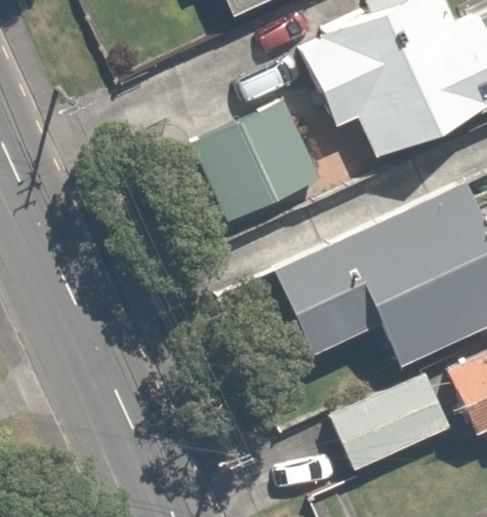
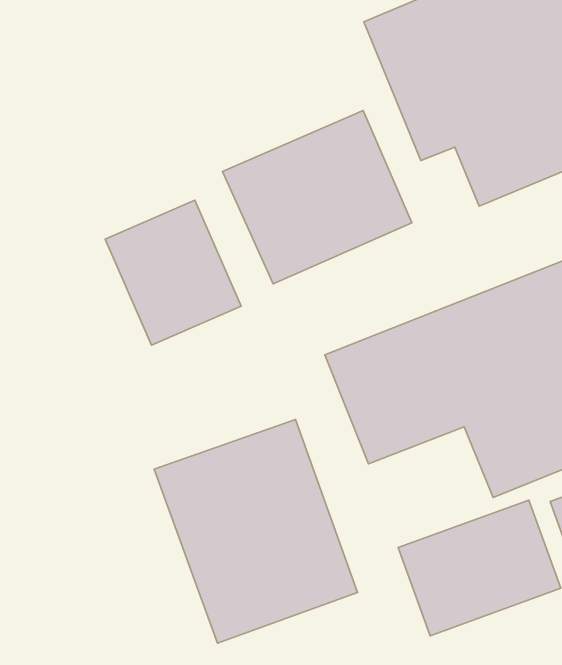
building: none -> [105,200,241,345]
building: none -> [154,420,357,643]

